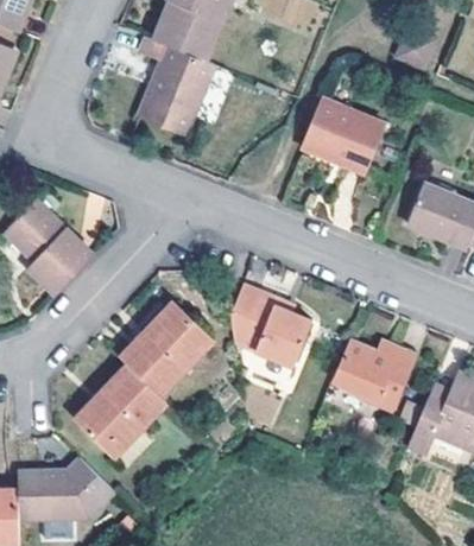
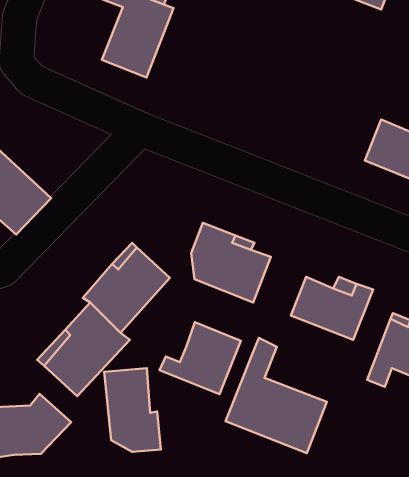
building: [303,99,383,172] -> none
building: none -> [159,322,241,394]
building: none -> [226,338,327,453]
building: none -> [104,368,161,452]

